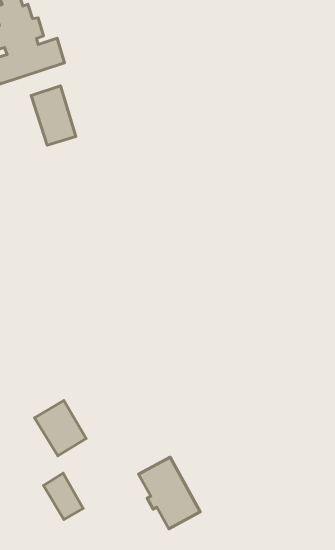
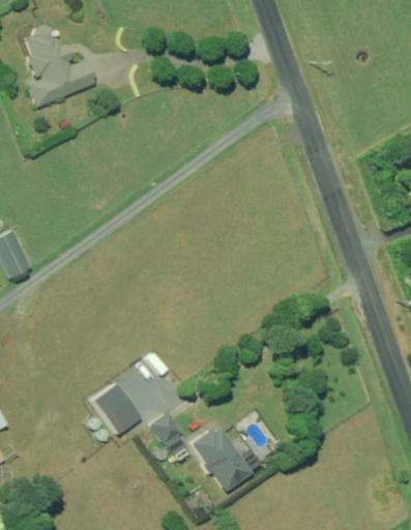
building: [31,86,76,145] -> none
building: [44,473,83,520] -> [150,414,187,455]

